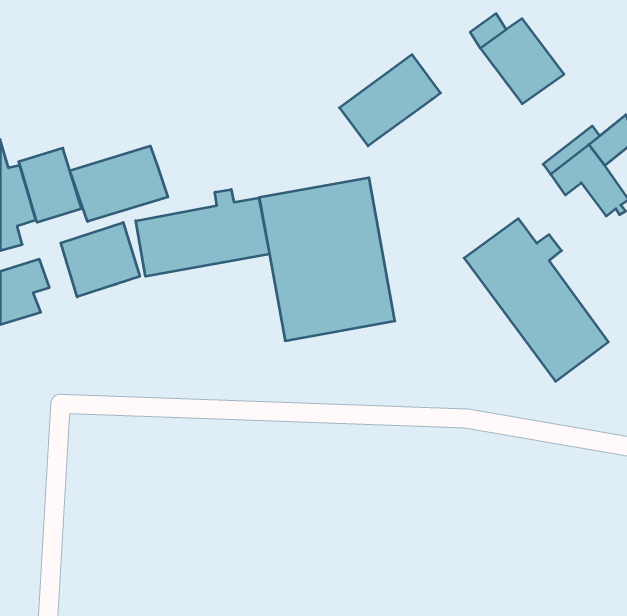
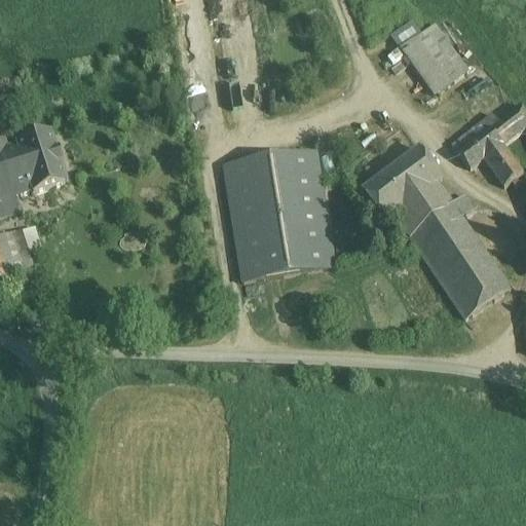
building: [339,55,441,146] -> [358,145,442,221]
building: [70,146,168,222] -> none
building: [136,189,269,276] -> none
building: [61,222,140,297] -> none

